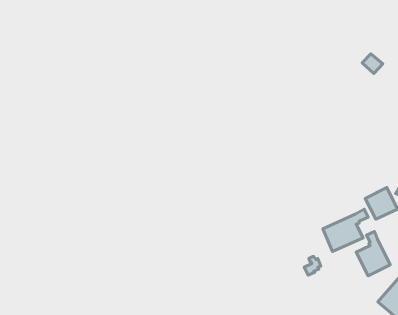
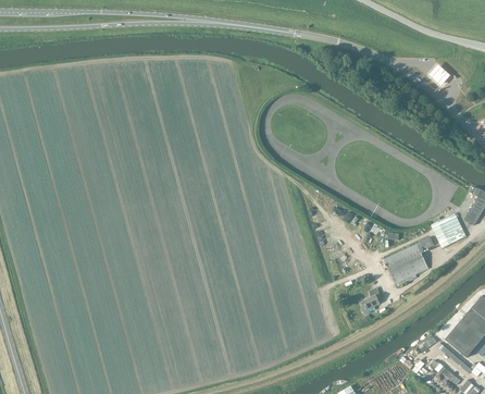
building: [356,232,390,276] -> none

